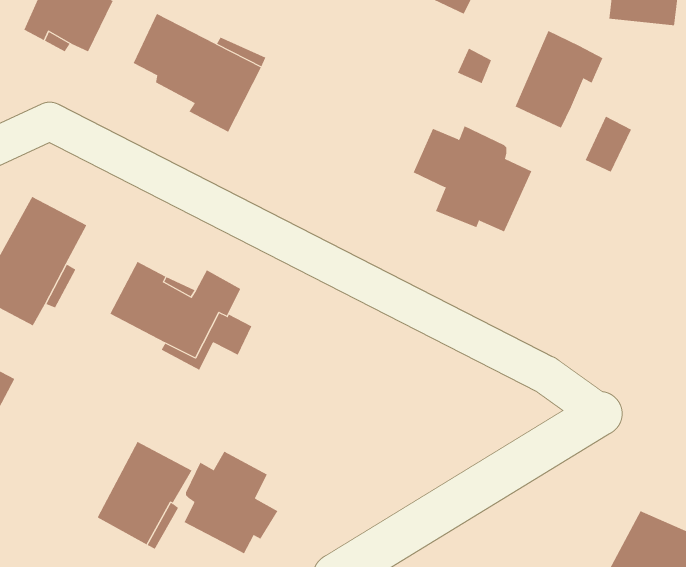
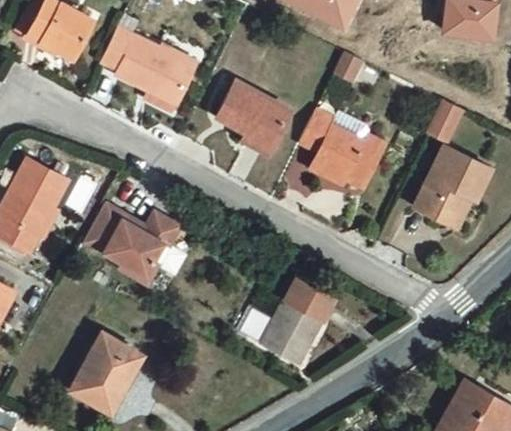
building: [515,30,603,129] -> none
building: none -> [217,81,290,153]
building: none -> [414,148,491,233]
building: none -> [241,281,339,363]
building: [184,451,278,554] -> none

